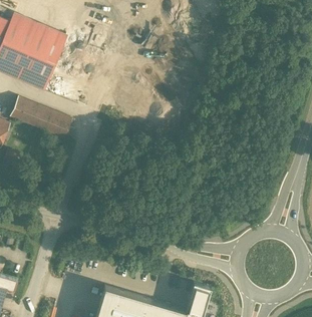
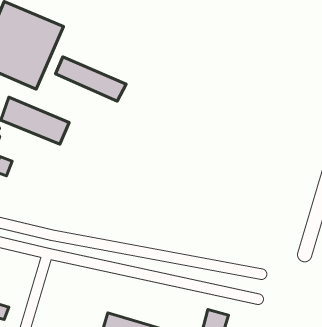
building: none -> [55,57,126,101]

